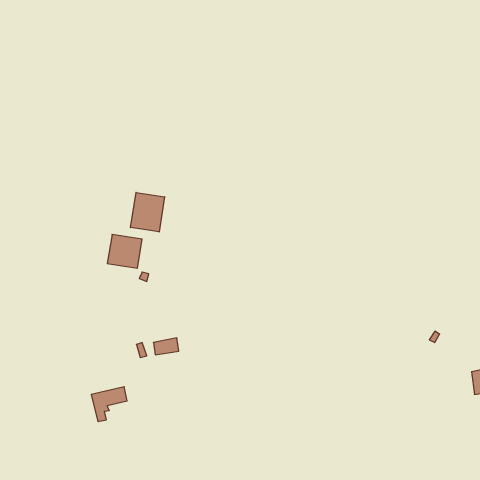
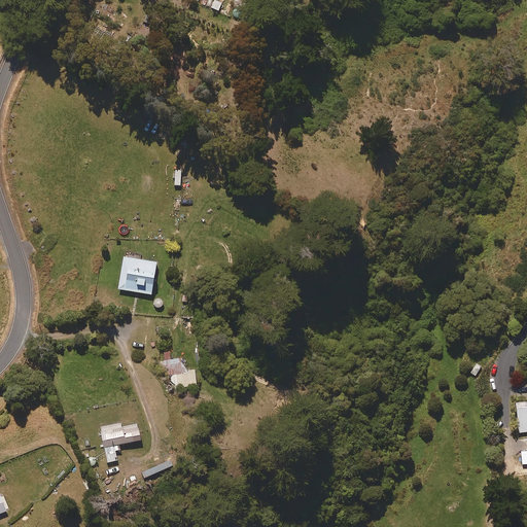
building: [131,192,165,232] -> none

